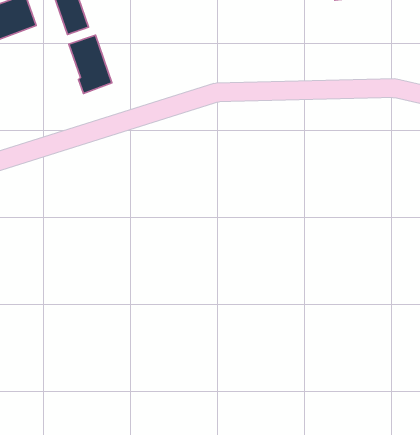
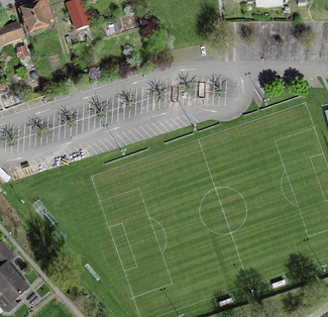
building: [69,35,112,94] -> none

